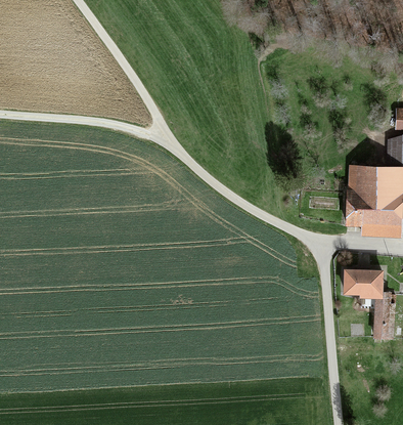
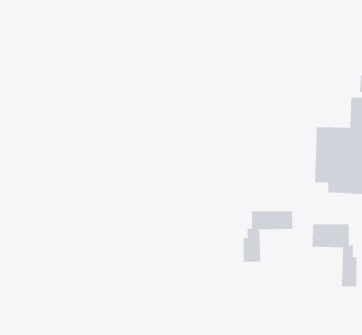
building: none -> [243,210,293,263]

